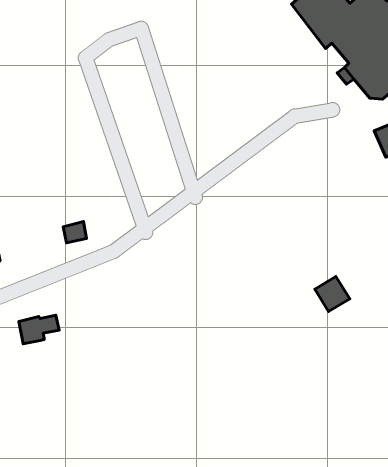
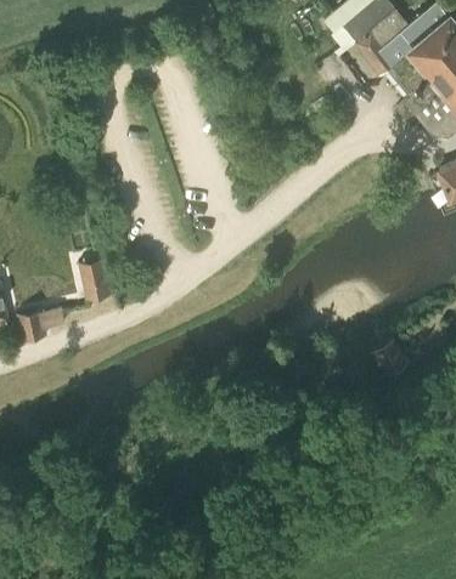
building: [19,315,59,344] -> [18,307,64,340]

